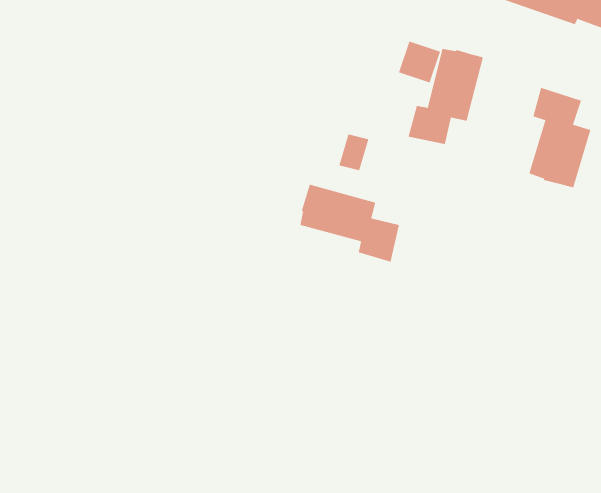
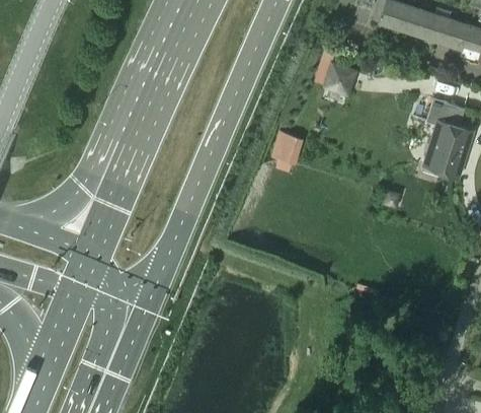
building: [408,48,483,145] -> none
building: [300,184,400,262] -> none

